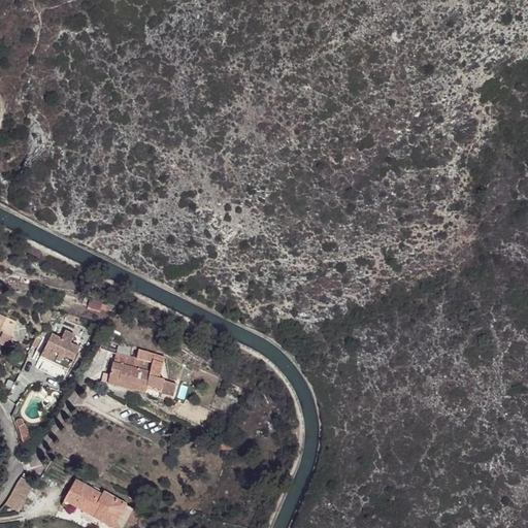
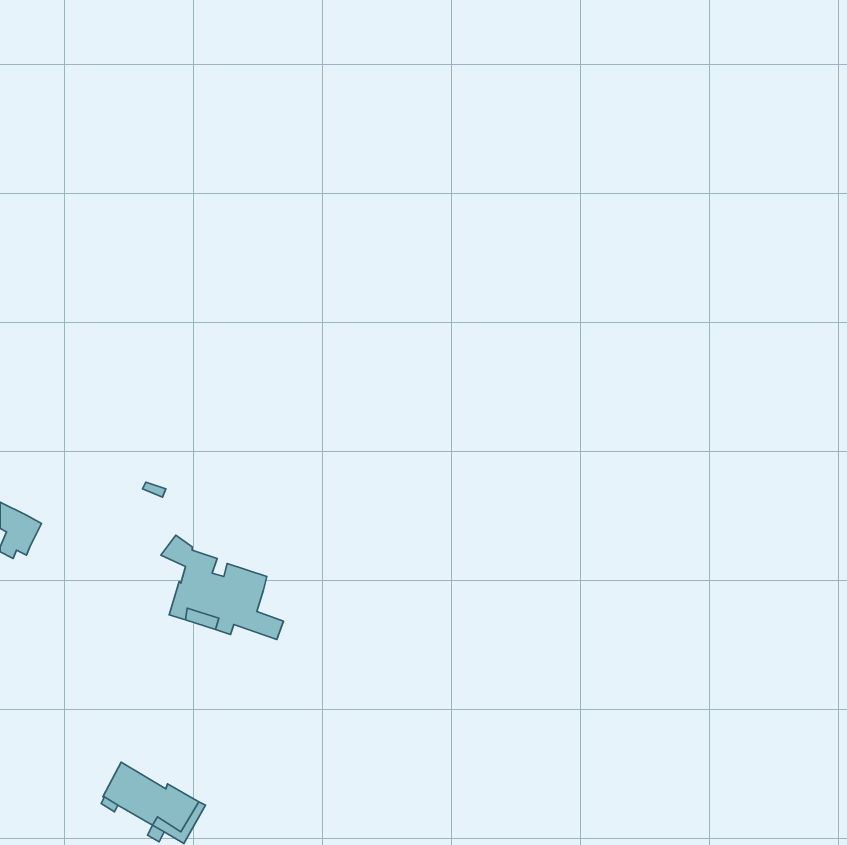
building: [39,327,78,367] -> none
building: [4,477,34,512] -> none

